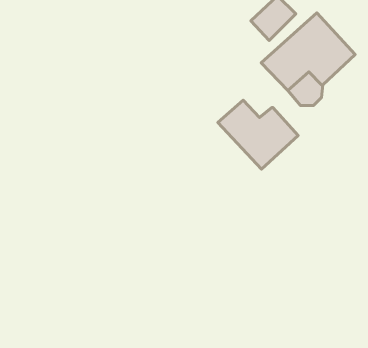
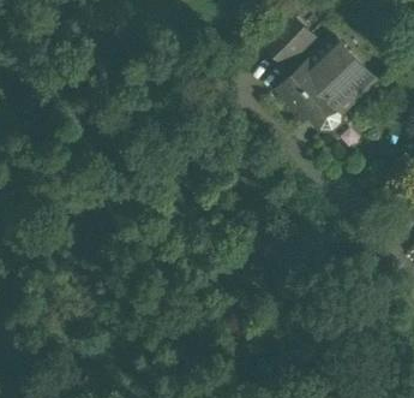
building: [218,100,298,169] -> none

